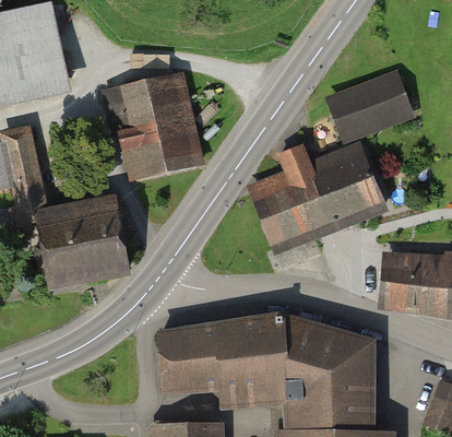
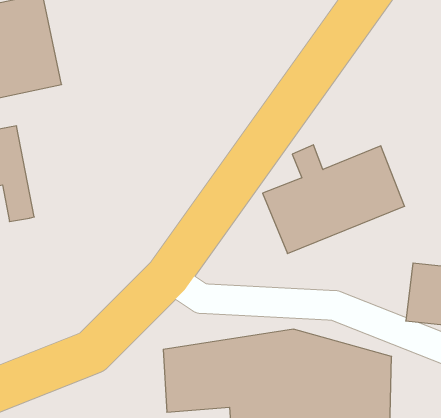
building: [114,73,199,177] -> none
building: [328,74,411,138] -> none
building: [36,197,130,283] -> none

